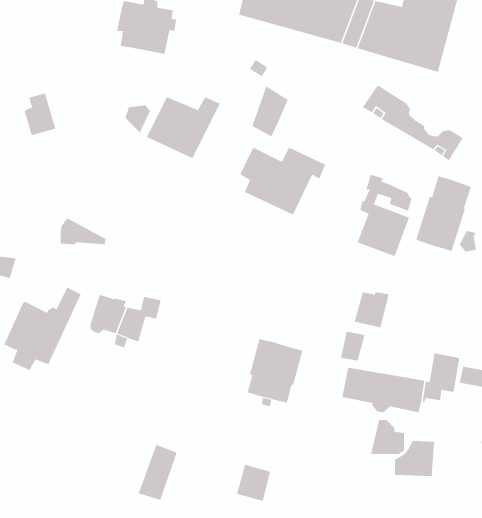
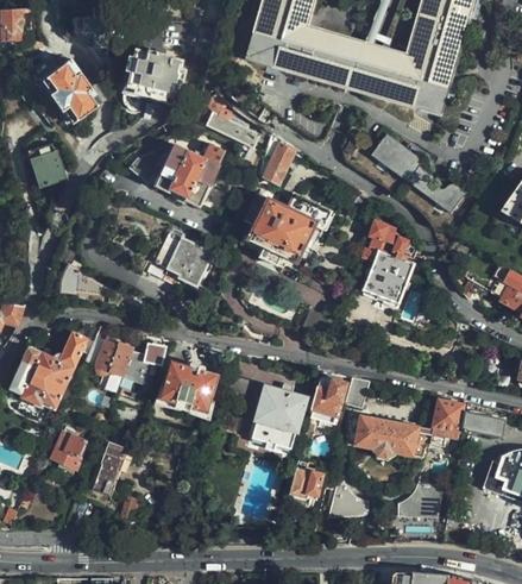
building: none -> [42,58,101,123]
building: none -> [201,90,262,149]
building: [415,176,471,252] -> none
building: none -> [147,231,213,284]
building: [354,292,390,328] -> [312,379,347,415]
building: none -> [164,363,219,409]
building: none -> [52,435,86,473]
building: [370,420,405,454] -> [329,488,364,522]
building: [138,444,177,501] -> [88,441,127,497]
building: [236,464,271,501] -> [289,464,323,501]

